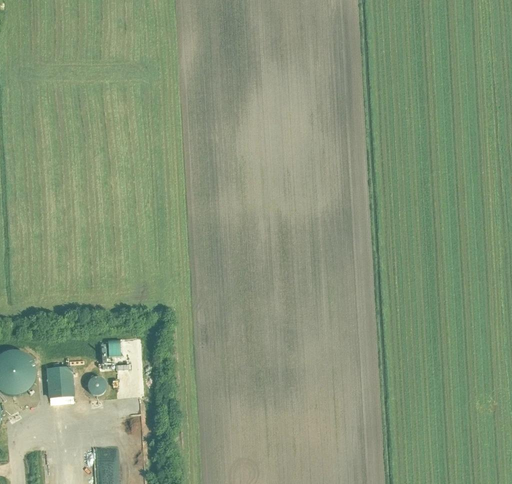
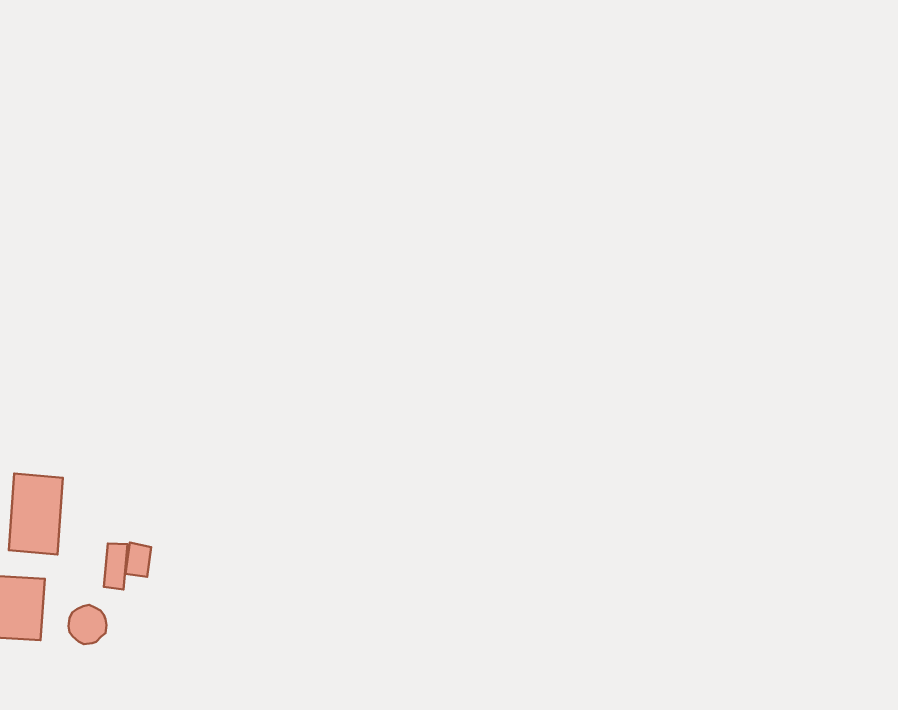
building: none -> [9,474,63,554]

